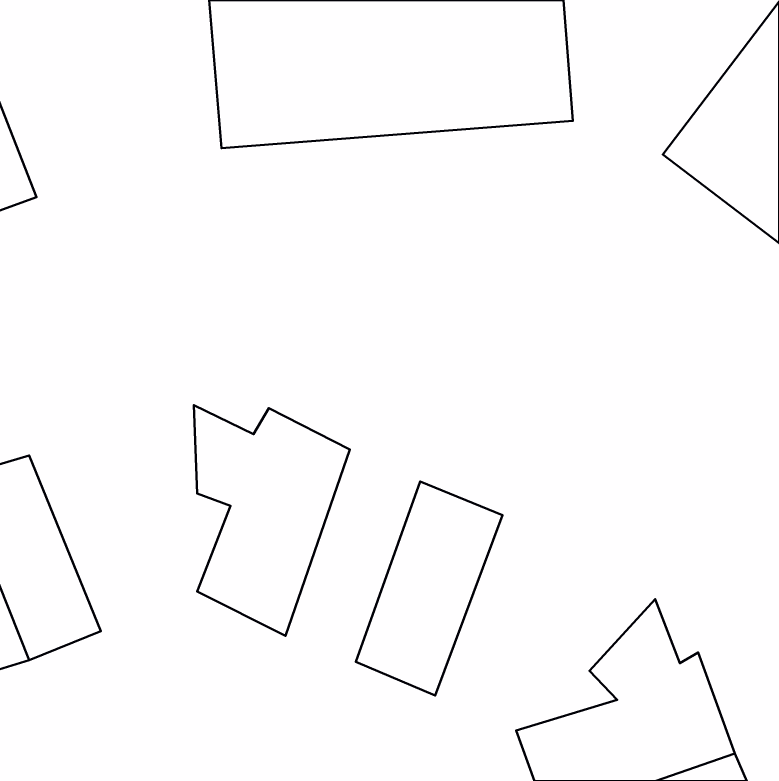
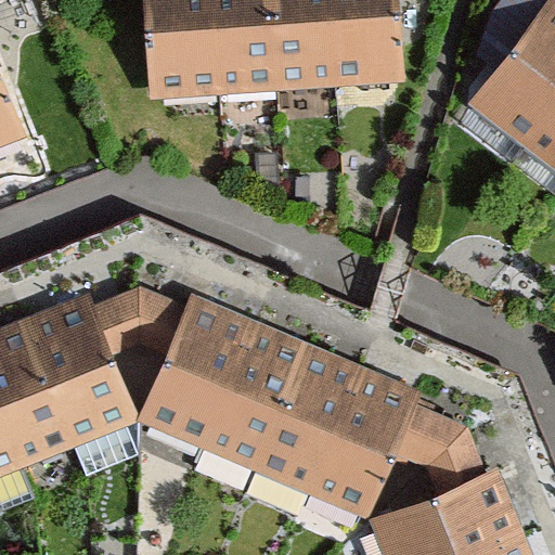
building: none -> [21,287,140,448]
building: none -> [203,319,298,469]
building: none -> [309,365,465,518]

